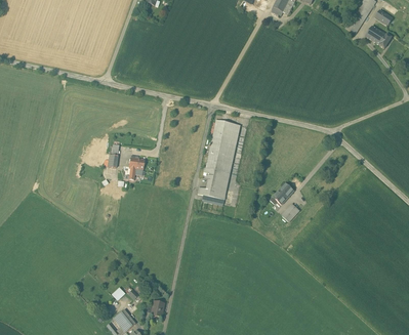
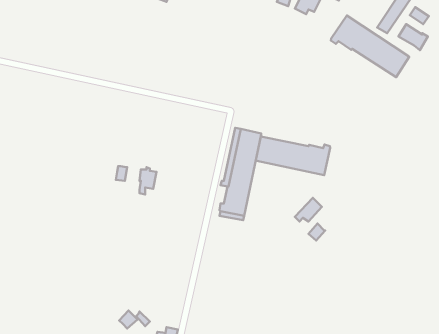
building: none -> [331,15,409,77]
building: none -> [256,136,330,175]

